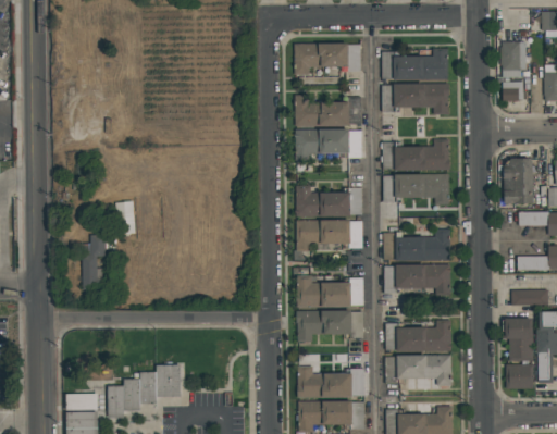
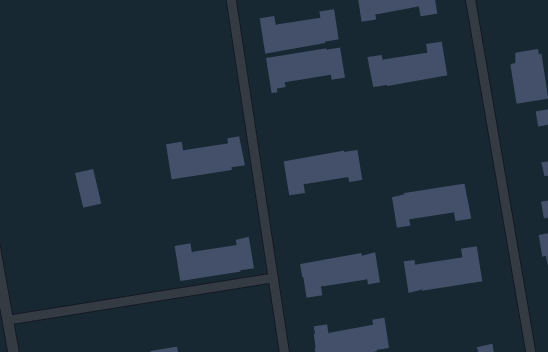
building: [383,174,449,204] -> none
building: [296,185,362,216] -> [165,136,246,180]
building: [383,230,450,261] -> none
building: [82,235,108,290] -> none
building: [297,275,363,307] -> [174,236,255,282]
building: [385,355,451,386] -> none

